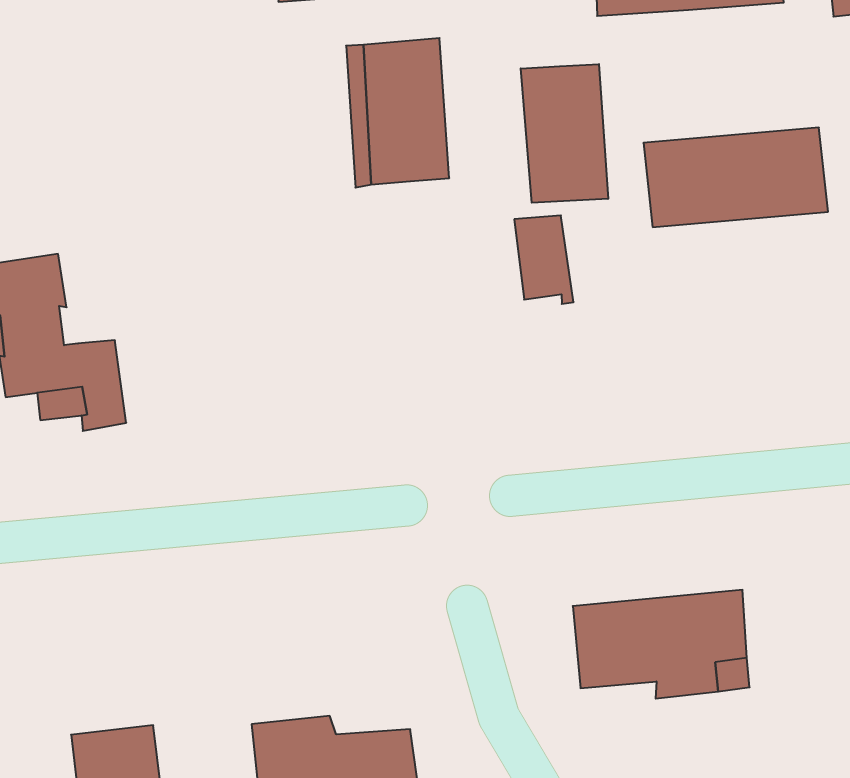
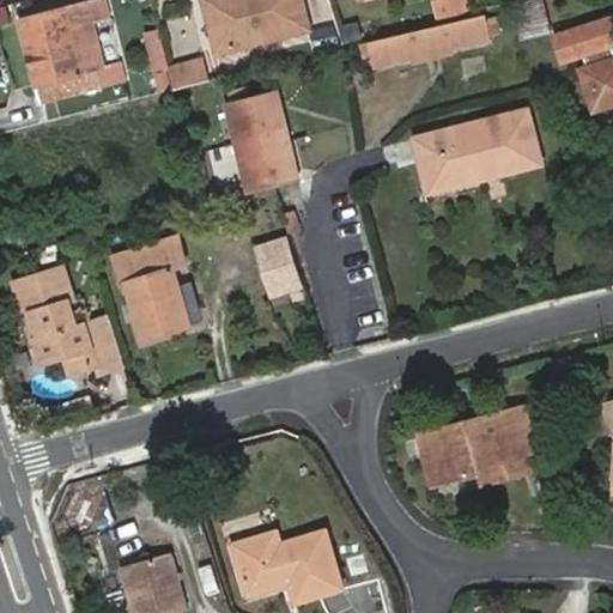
building: [521,64,608,203] -> none
building: [514,215,574,304] -> [257,239,303,296]
building: none -> [115,239,201,341]

